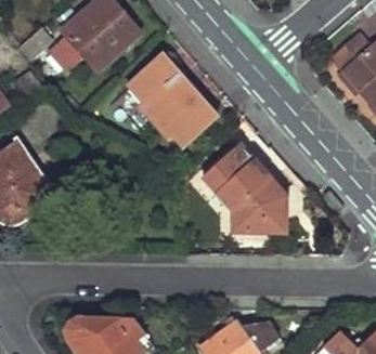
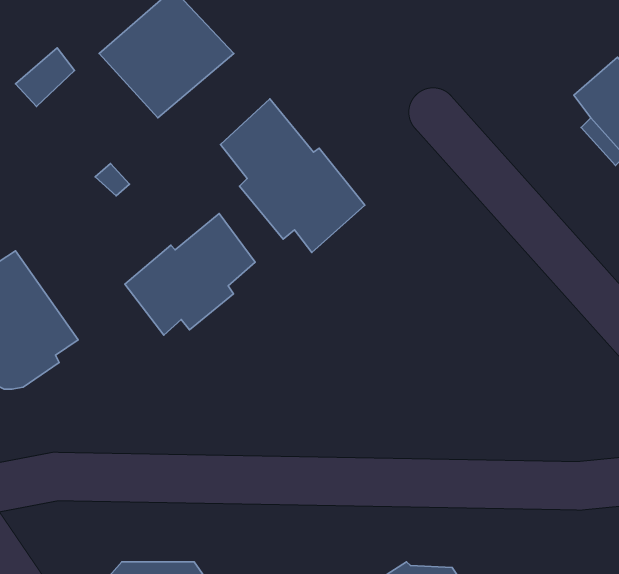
building: none -> [125,214,255,335]
building: [204,144,286,233] -> none

